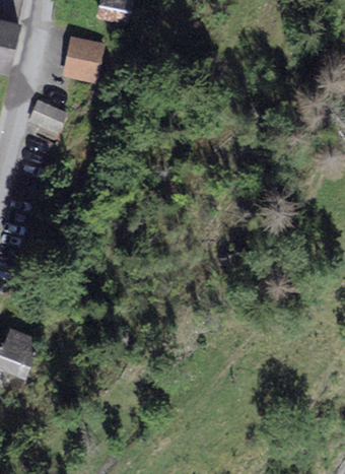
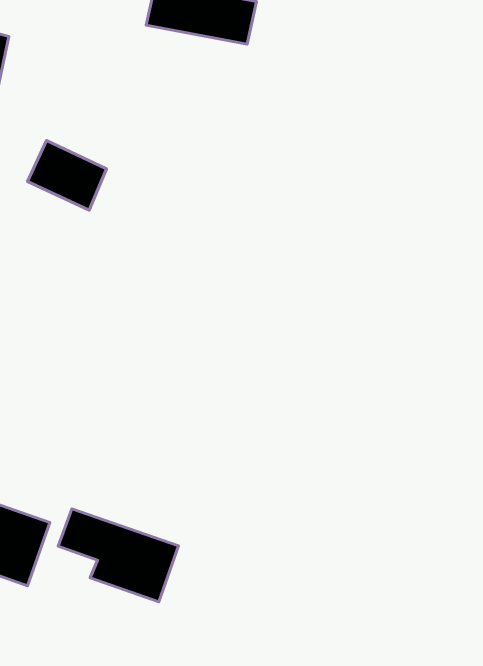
building: [65,37,116,86] -> none
building: none -> [58,509,178,602]

